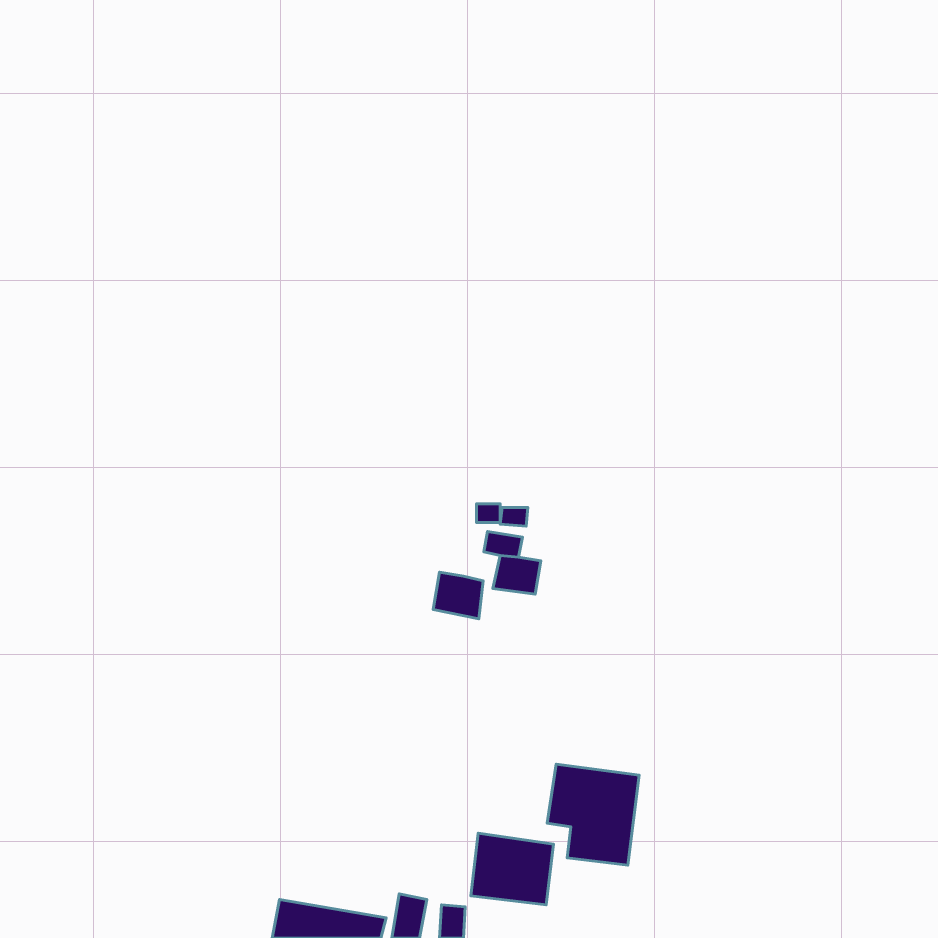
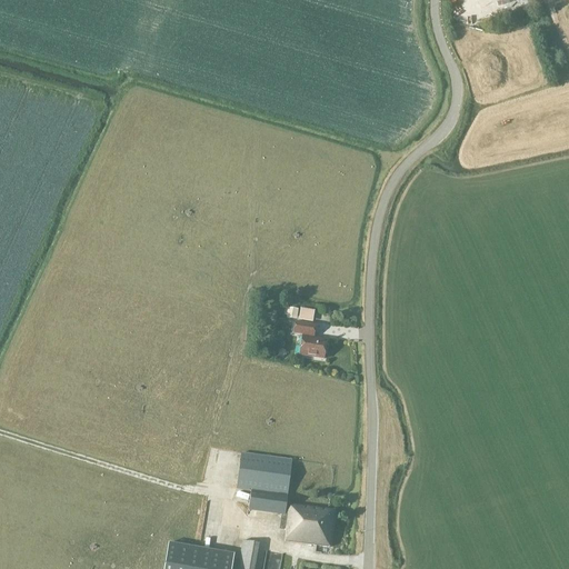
building: [433,572,483,619] -> none
building: [547,764,639,865] -> [237,453,292,515]

